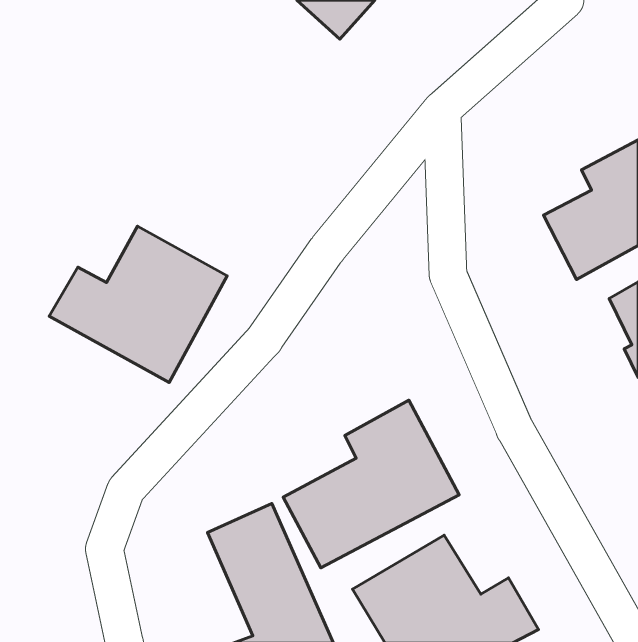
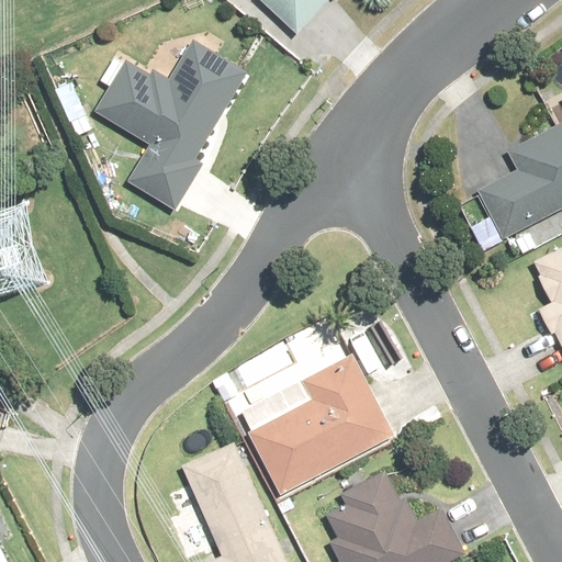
building: none -> [90,38,248,214]
building: [49,226,227,383] -> none

